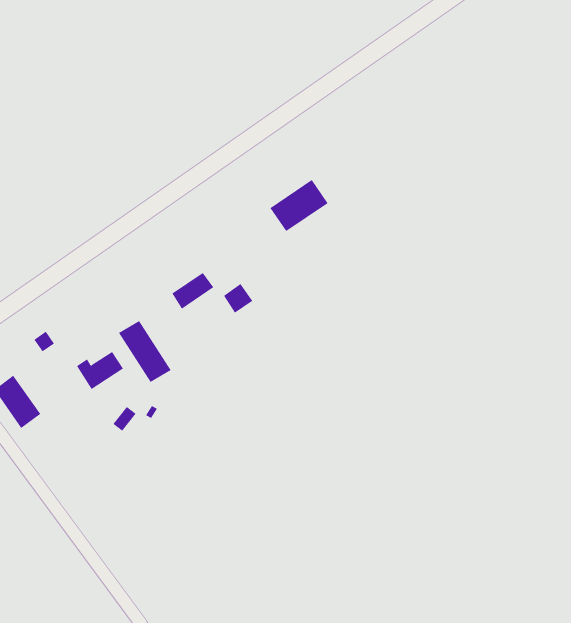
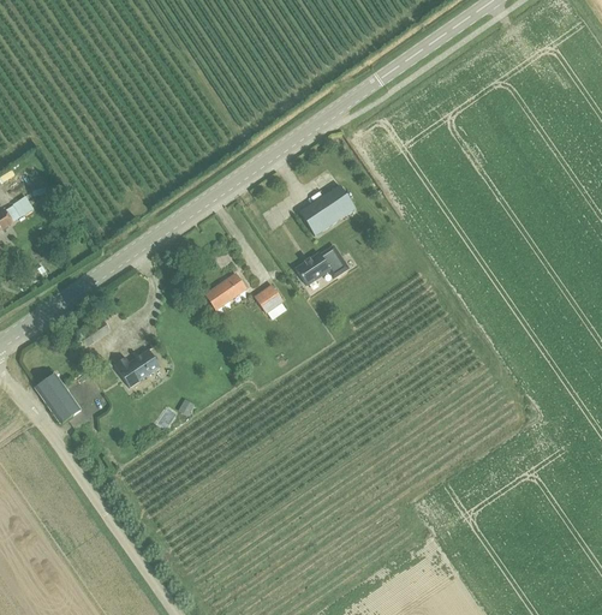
building: none -> [296,246,348,283]
building: [118,320,171,383] -> none

